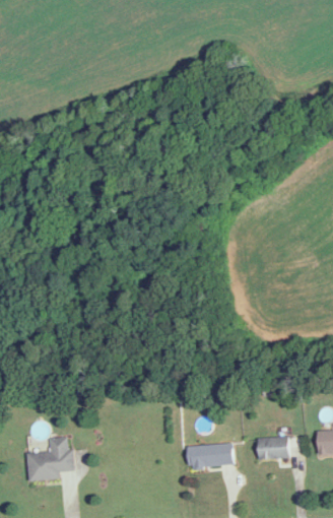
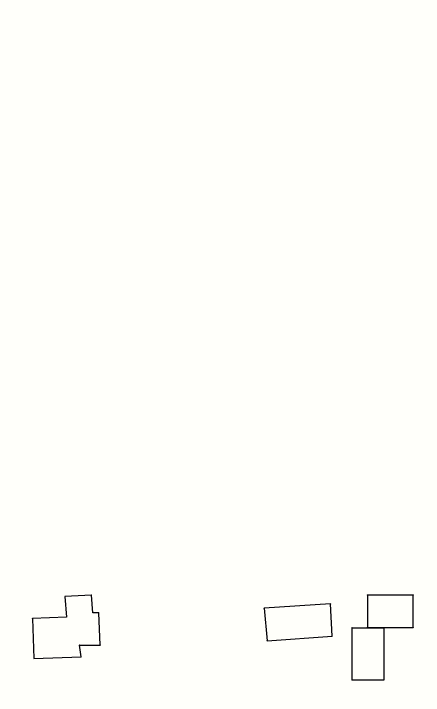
building: none -> [352,628,384,680]

